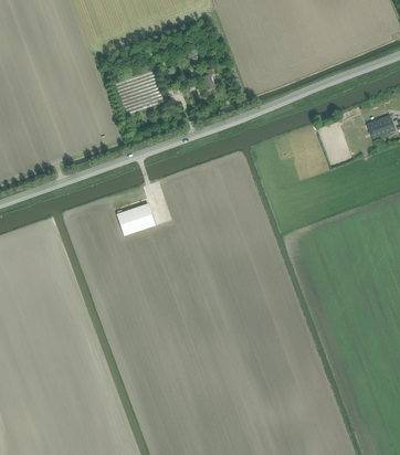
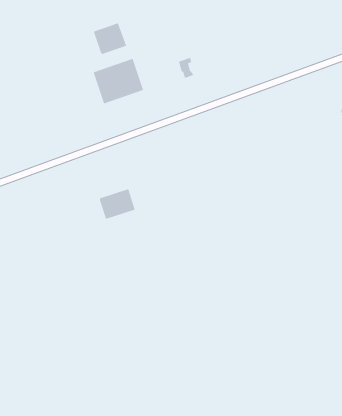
building: none -> [93,22,127,55]

